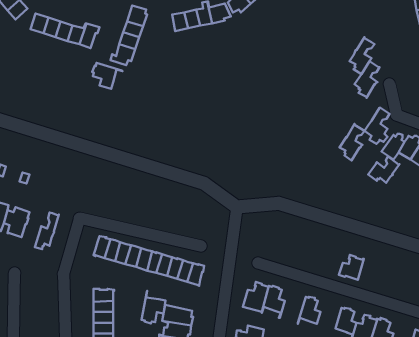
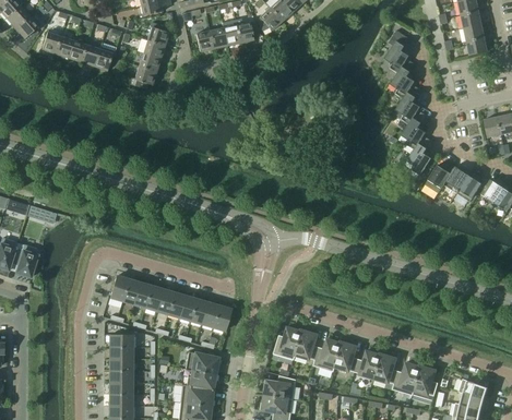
building: none -> [385,29,413,72]
building: [92,63,123,89] -> none
building: [340,124,365,161] -> [402,109,429,149]
building: [368,157,399,183] -> none
building: [35,212,59,249] -> none
building: [339,255,364,280] -> [355,350,382,377]
building: [141,291,166,323] -> none
building: none -> [314,338,343,371]

